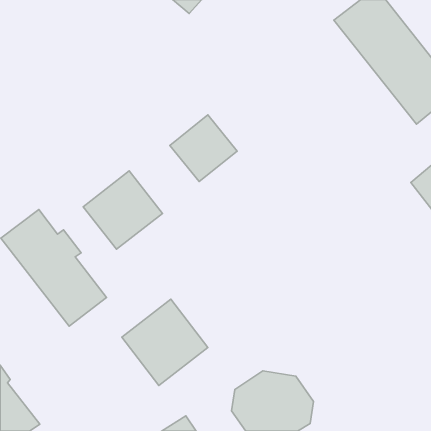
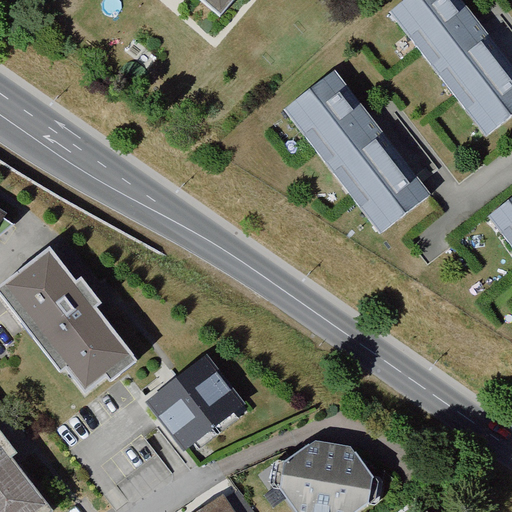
building: none -> [292,83,442,247]
building: [170,115,237,182] -> none
building: [83,171,162,249] -> none

